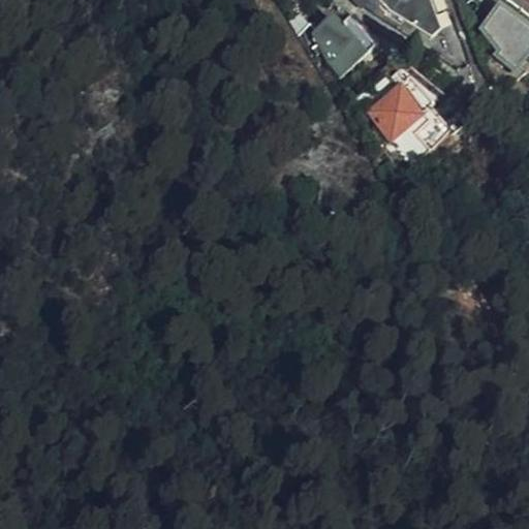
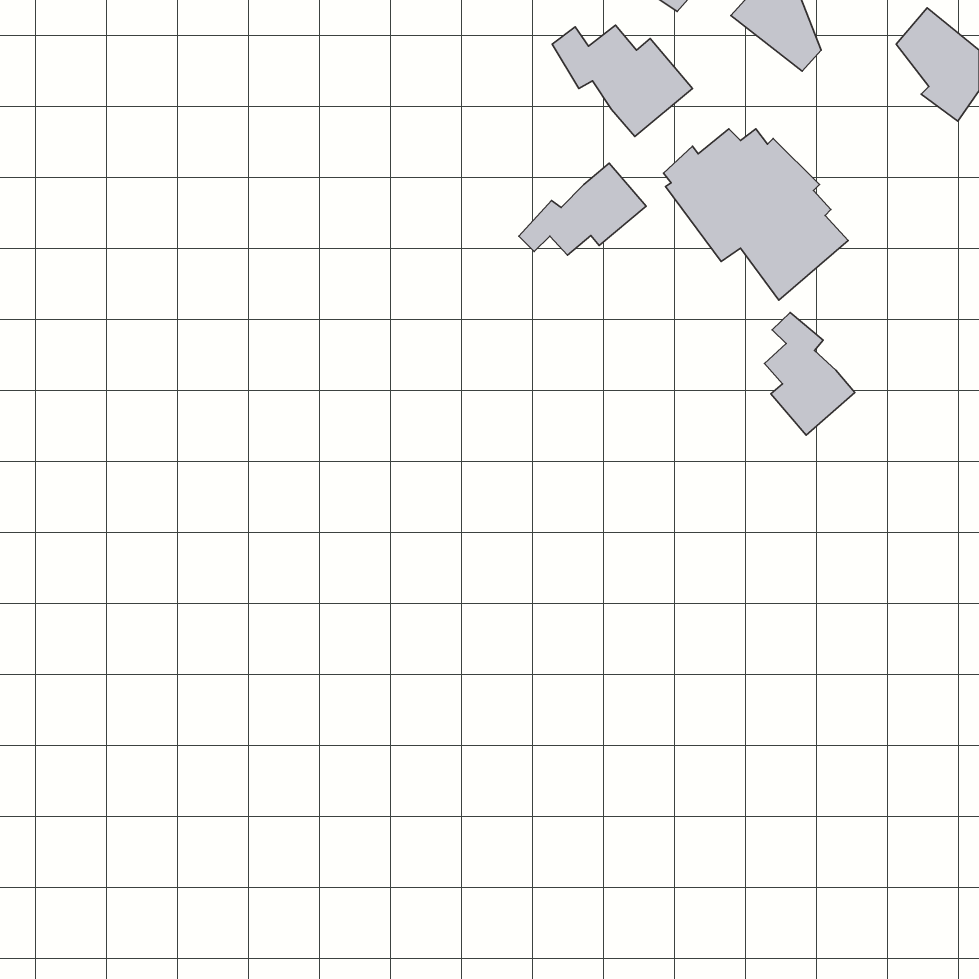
building: none -> [519,163,646,255]
building: none -> [765,313,855,435]

